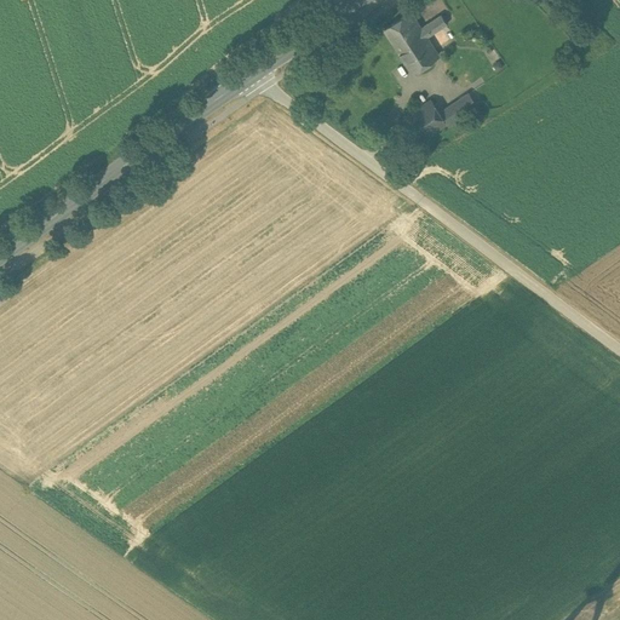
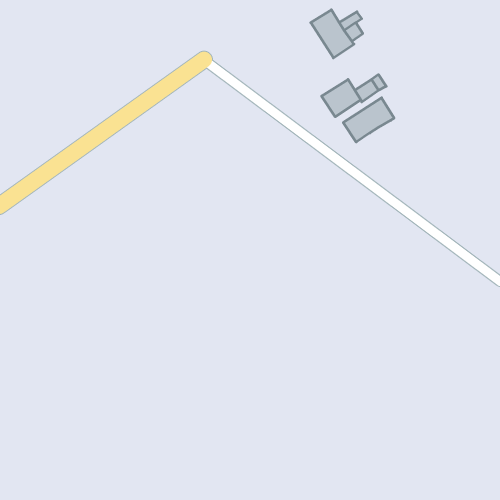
building: none -> [343,98,394,142]

